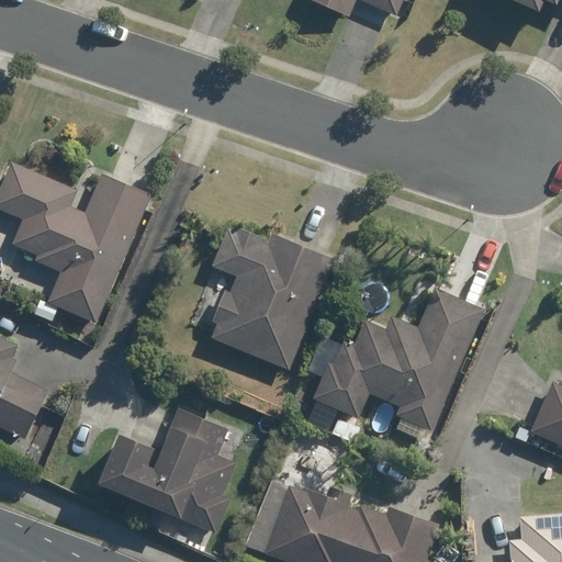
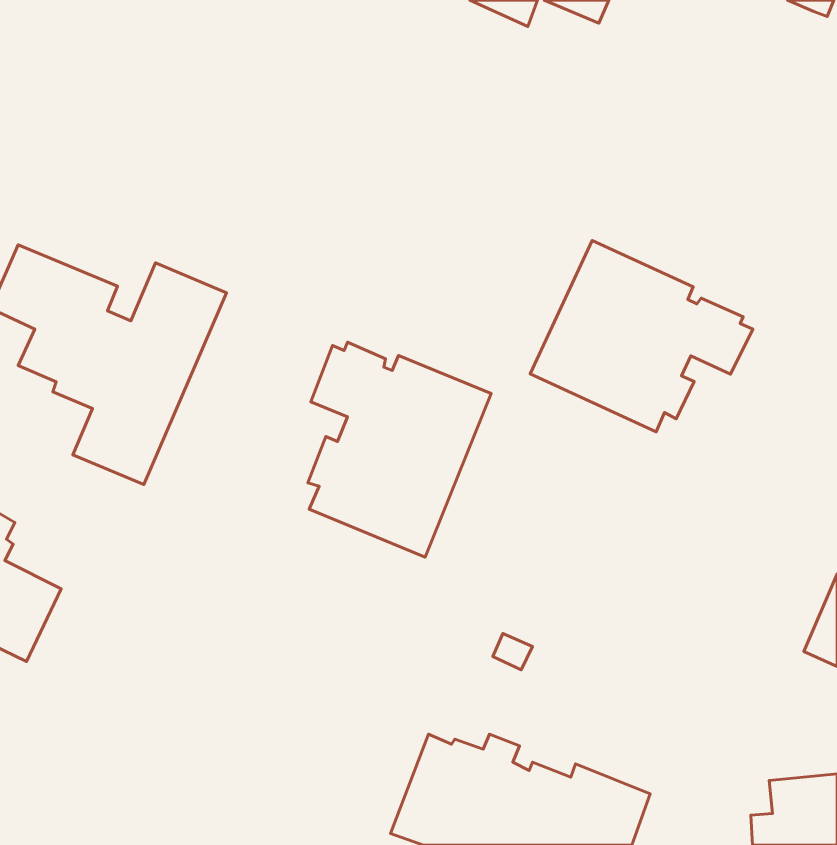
building: none -> [530,240,753,432]
building: [315,289,486,428] -> none
building: [106,408,238,535] -> none

